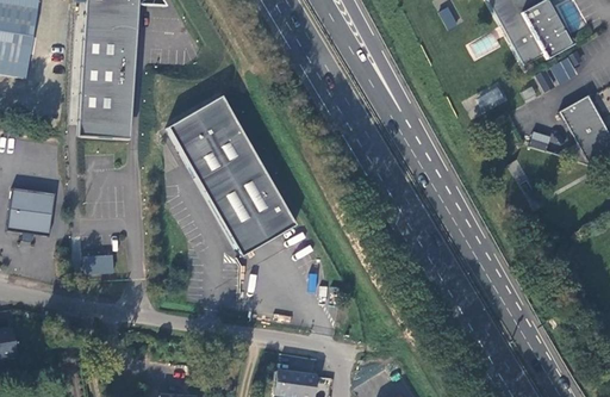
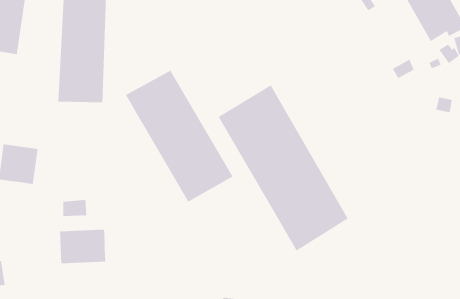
building: none -> [218,85,348,251]
building: none -> [59,229,106,264]

